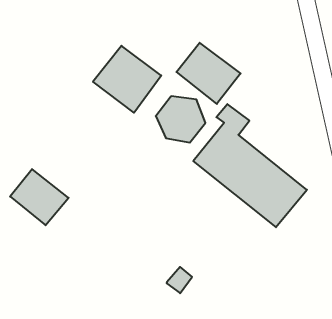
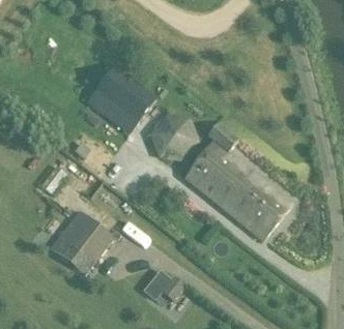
building: [176,43,241,104] -> none
building: [10,169,69,225] -> [57,210,112,263]

